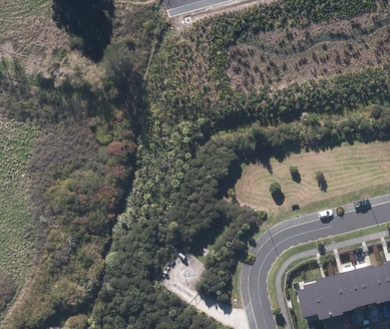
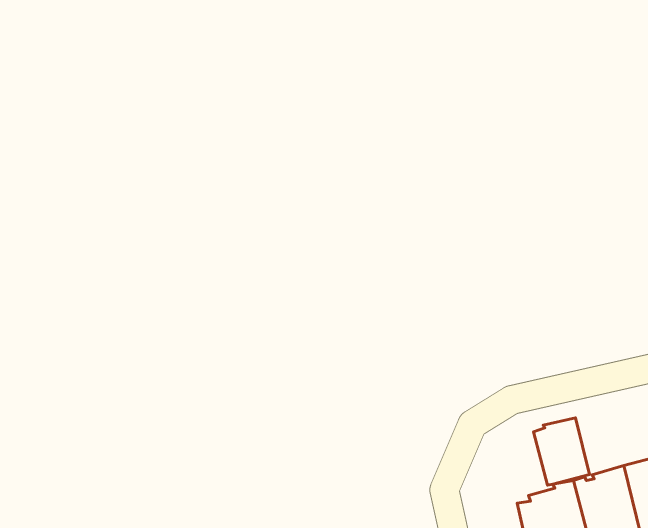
building: none -> [534,418,589,485]

